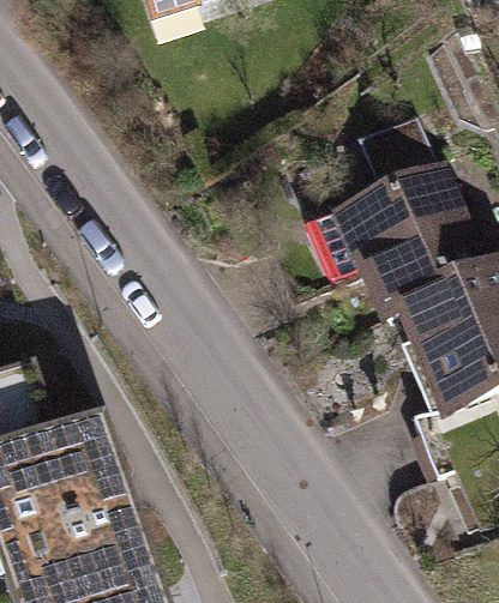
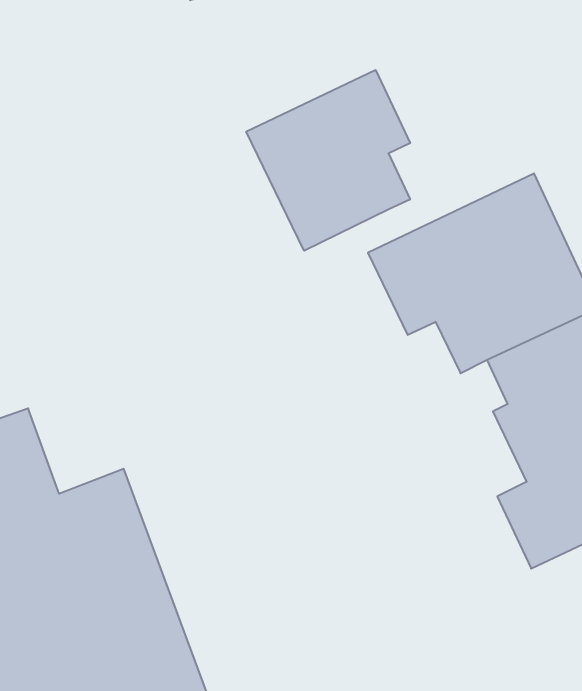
building: none -> [246,70,410,251]

